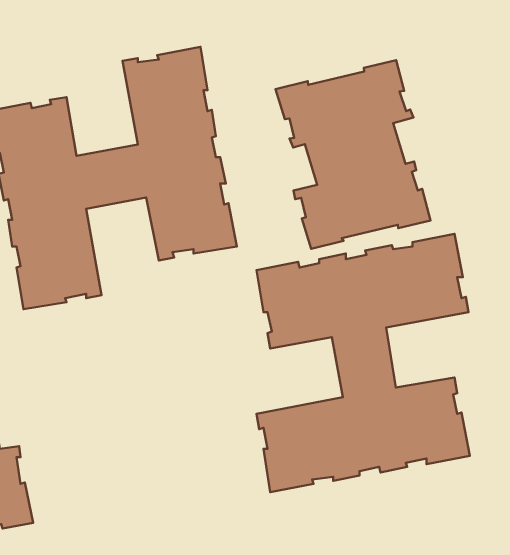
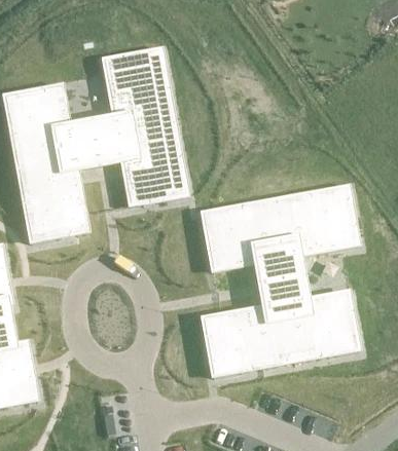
building: [275,60,431,249] -> none

